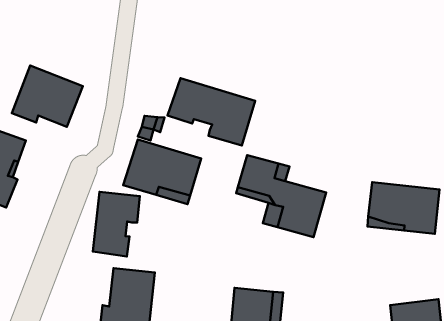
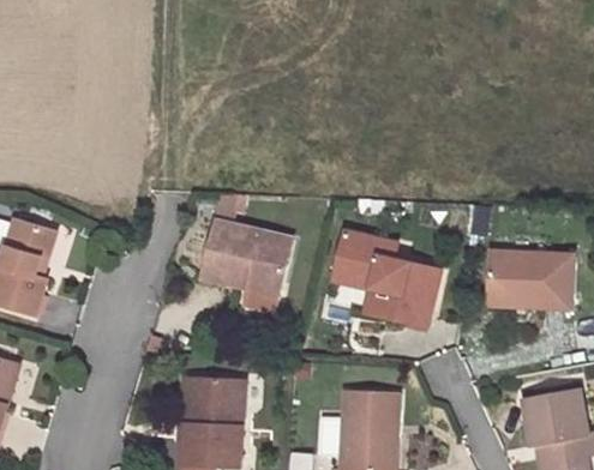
building: [12,65,83,127] -> none
building: [168,78,255,145] -> none
building: [93,192,140,256] -> none

